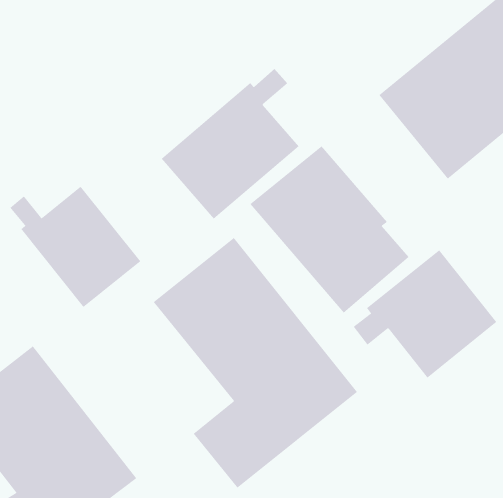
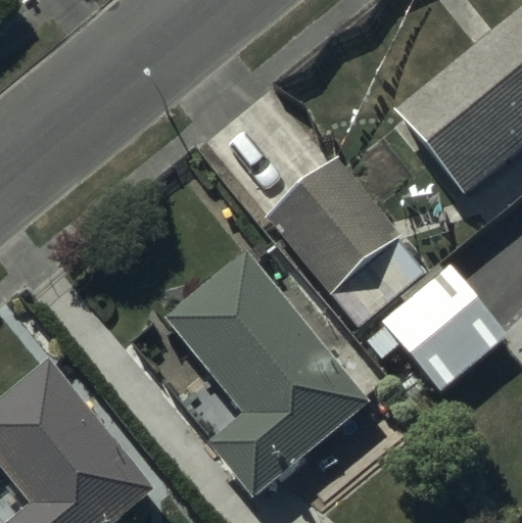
building: [161,68,300,220] -> none
building: [9,186,141,308] -> none

